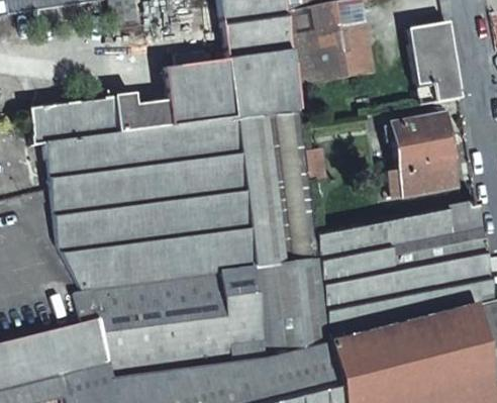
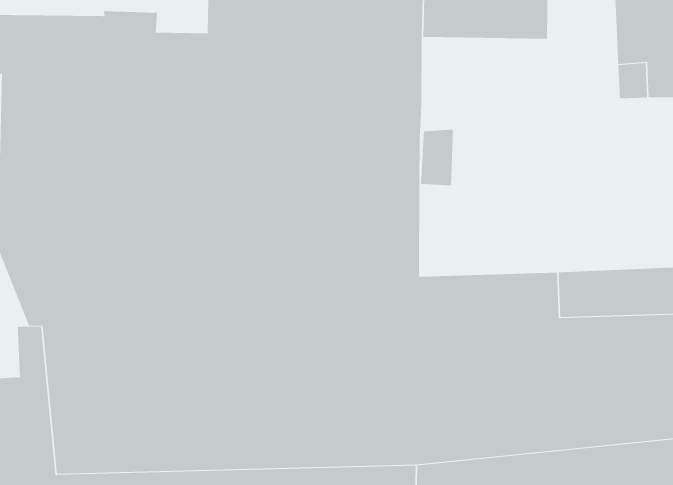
building: [392,115,458,196] -> none

